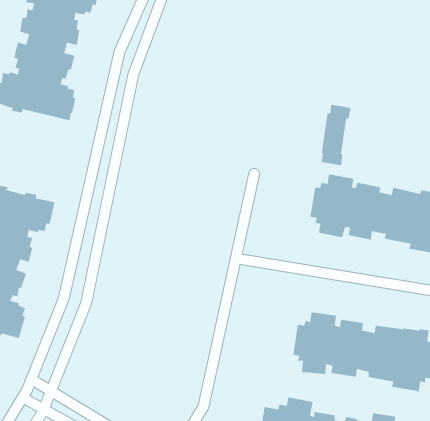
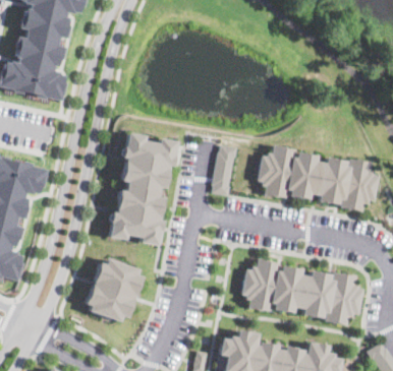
building: [321,104,352,166] -> [213,145,238,196]
building: none -> [111,133,177,245]
building: none -> [88,258,145,321]

